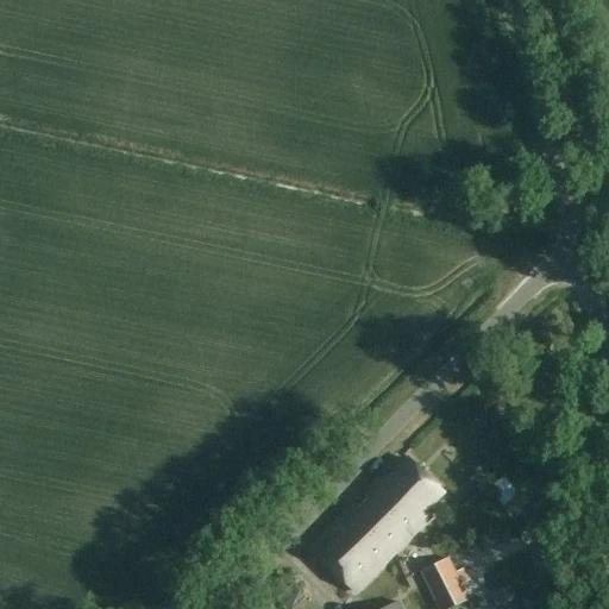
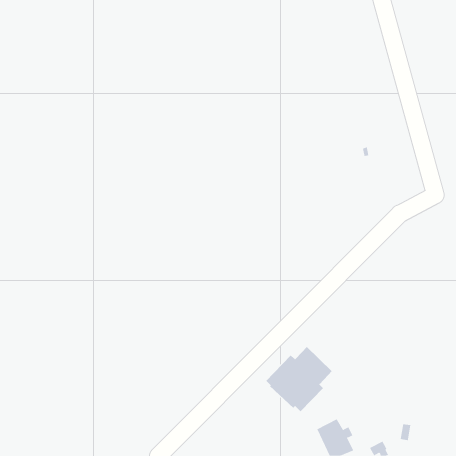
building: [314,507,401,592] -> none

